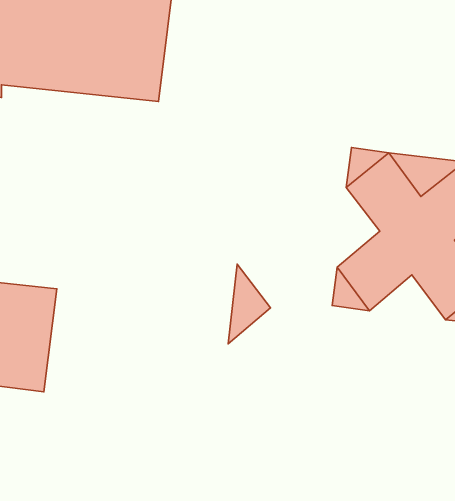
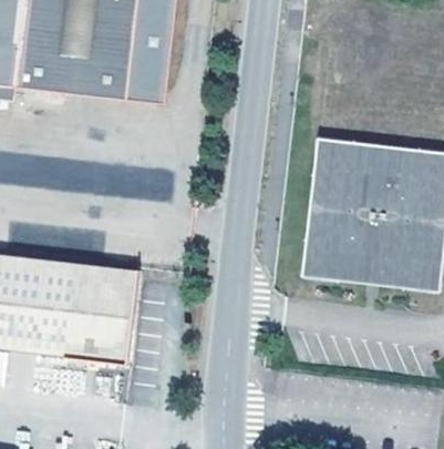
building: [228,264,271,344] -> [310,173,347,242]
building: none -> [338,248,403,287]
building: none -> [58,261,142,358]

